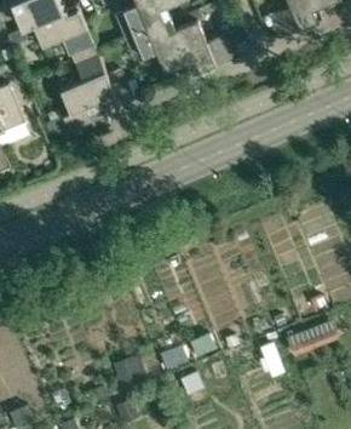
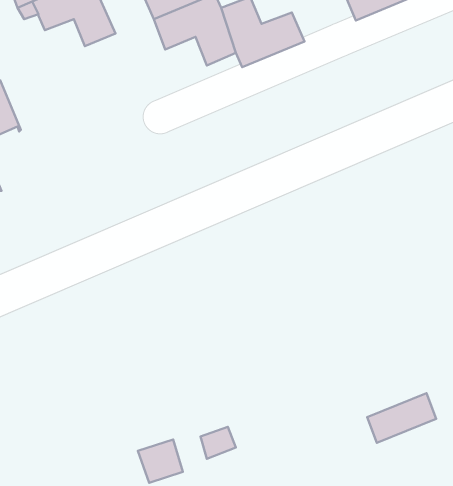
building: [61,48,115,114] -> none

